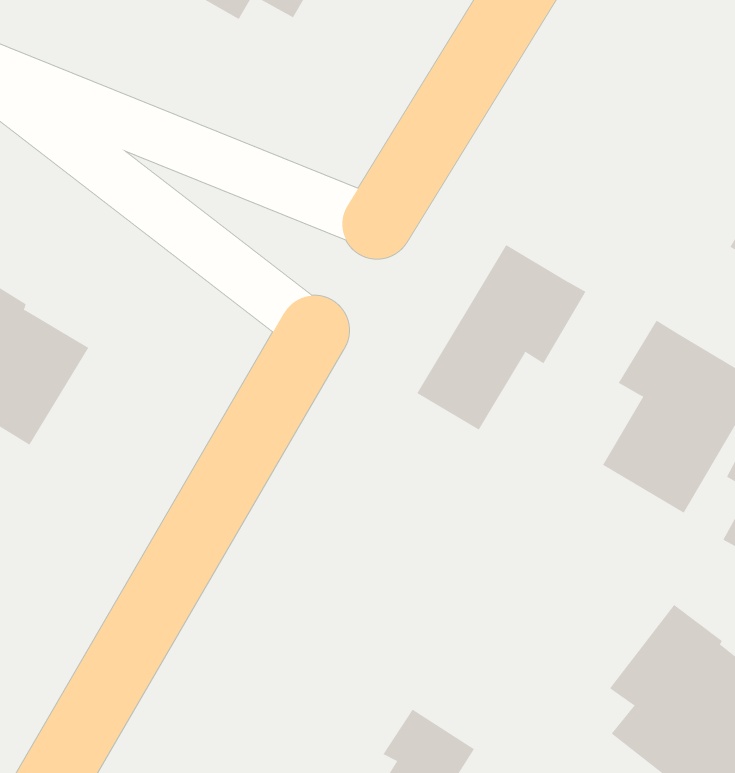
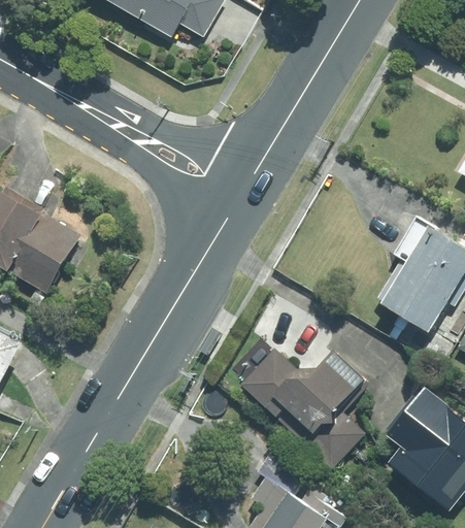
building: [417,244,586,431] -> none
building: none -> [239,346,368,467]

